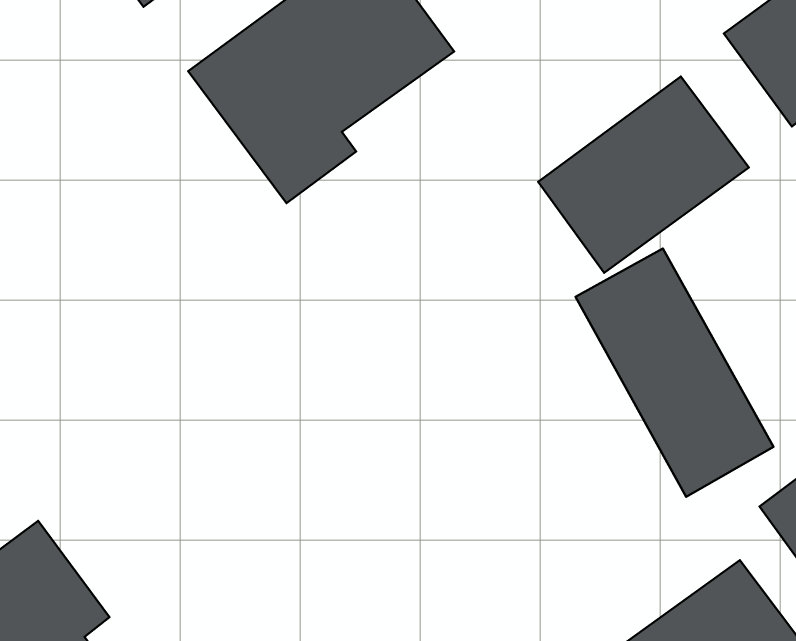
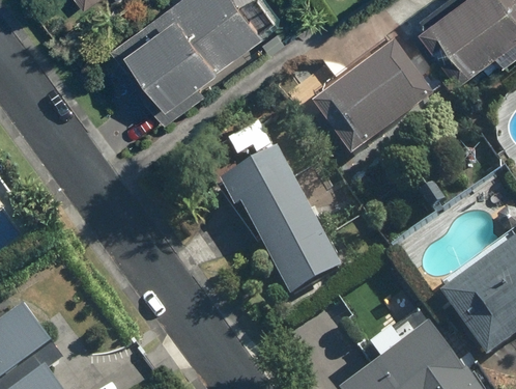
building: [575,249,774,497] -> [229,156,344,300]

